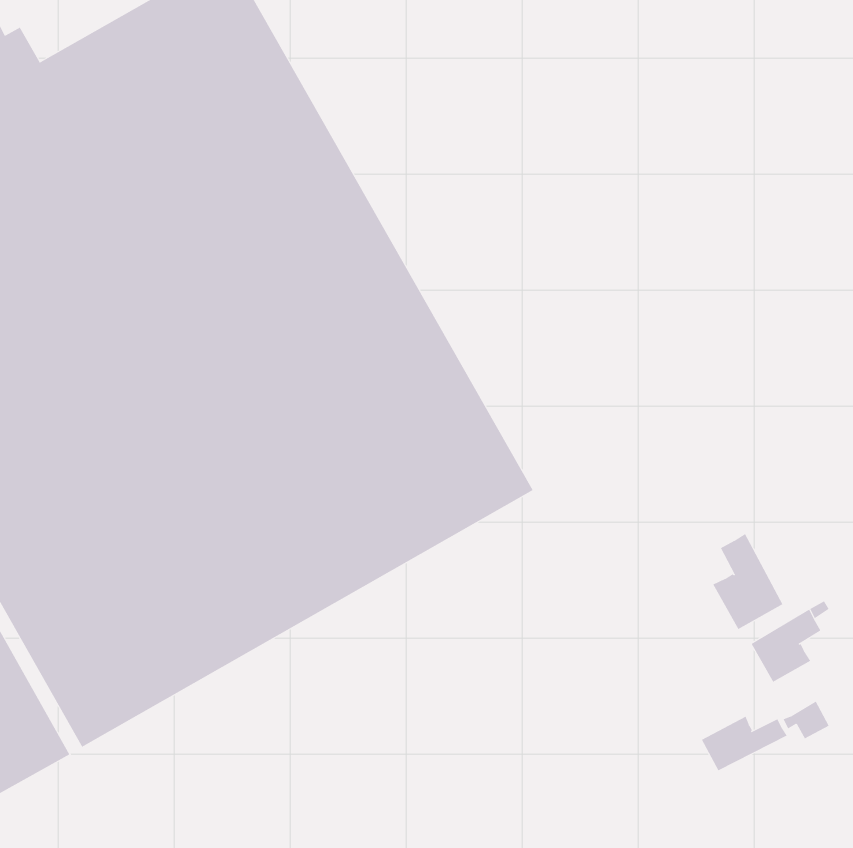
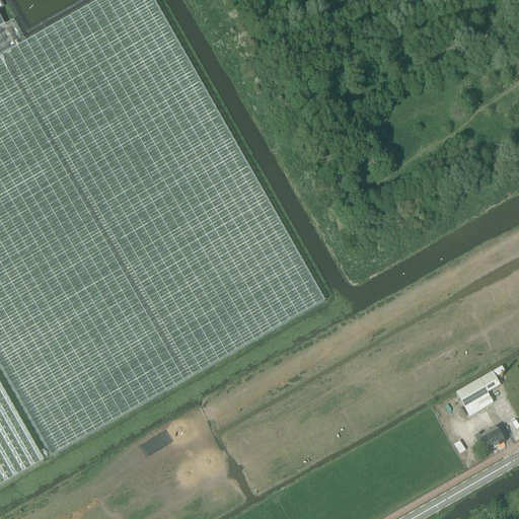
building: [712,533,783,630] -> none
building: [701,716,787,771] -> none

